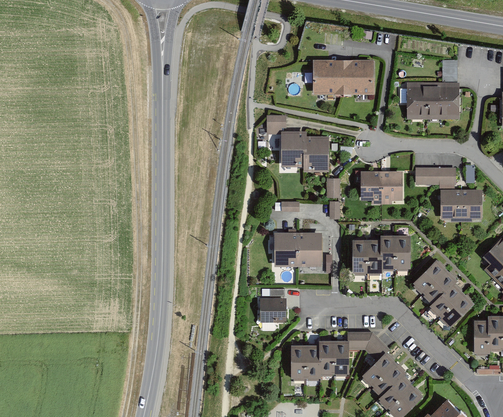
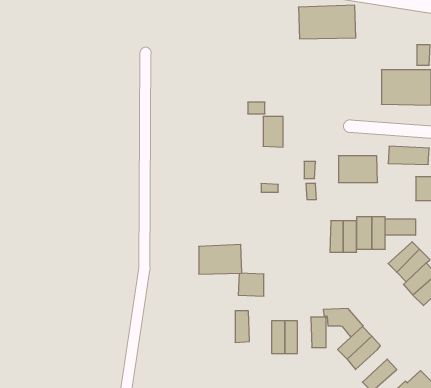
building: [315,60,375,95] -> [298,5,356,39]
building: [304,137,327,171] -> none
building: [276,233,321,264] -> [199,244,242,274]
building: none -> [385,219,415,235]
building: [319,341,334,374] -> [235,311,249,342]
building: [377,375,413,409] -> none

